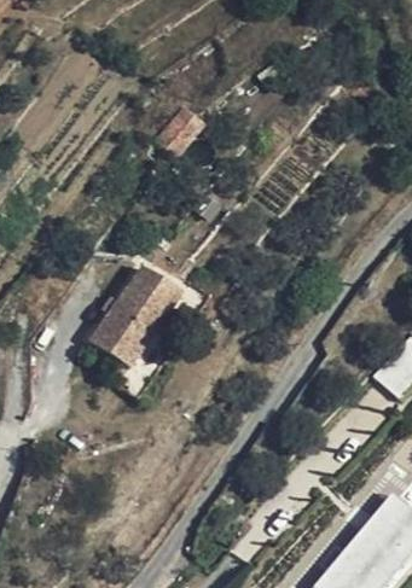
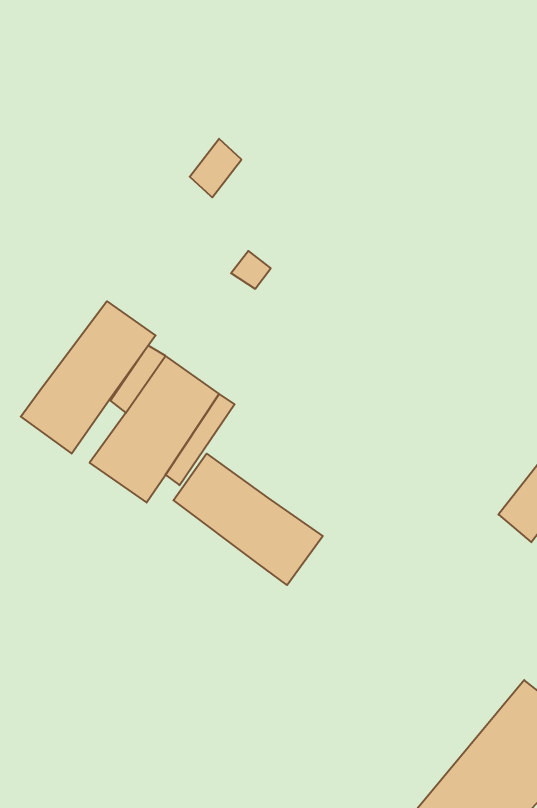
building: none -> [21,301,156,454]
building: none -> [173,454,323,585]

